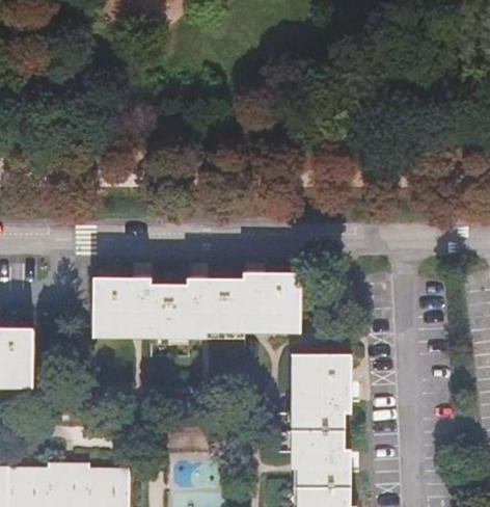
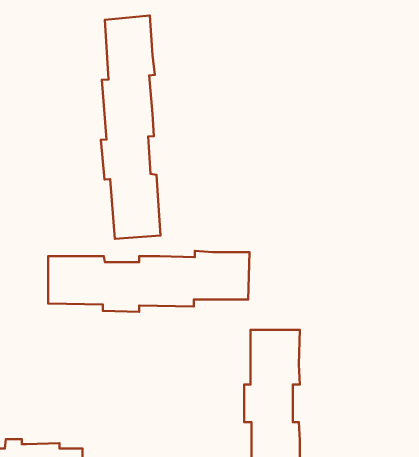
building: none -> [101,15,160,239]

